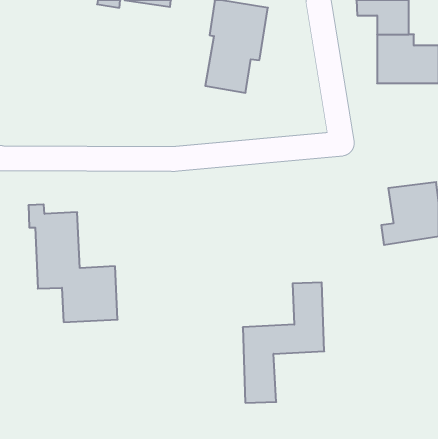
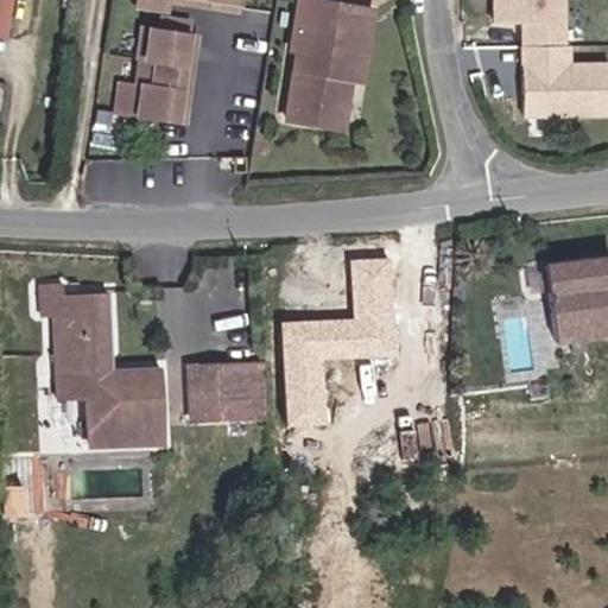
building: none -> [115,24,196,122]
building: none -> [190,365,261,419]
building: [243,282,324,403] -> [284,260,397,426]

